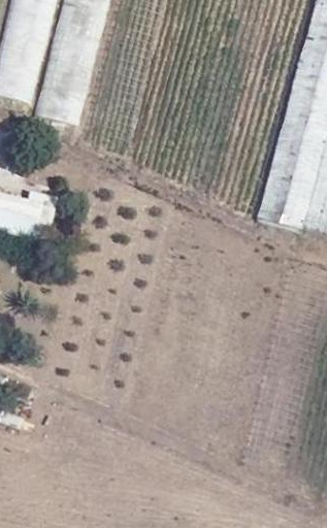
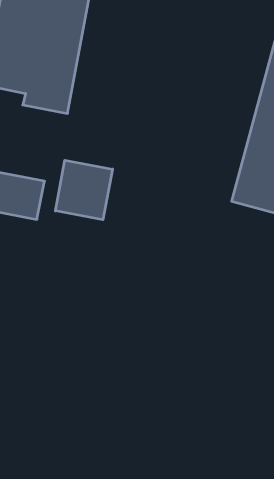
building: none -> [55,160,113,220]

